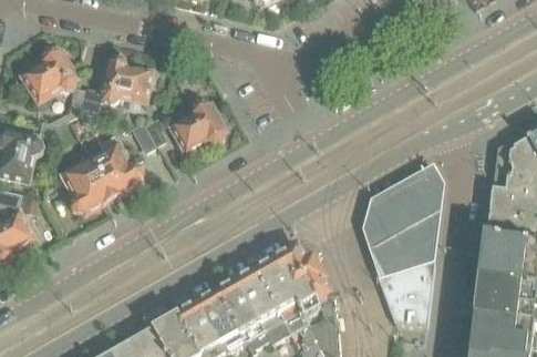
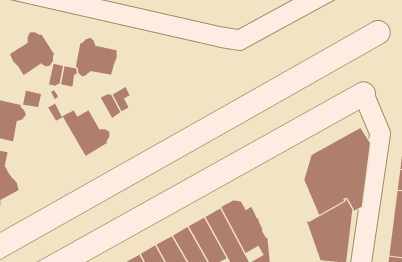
building: [169,100,225,152] -> none
building: [61,157,112,213] -> none

